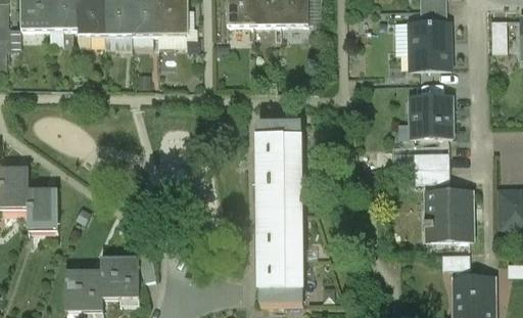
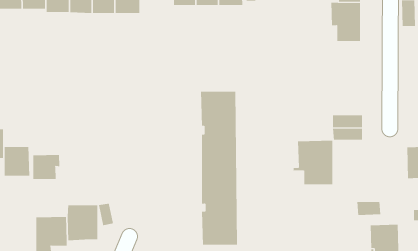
building: [411,92,449,135] -> none
building: [421,188,468,240] -> [293,140,333,185]
building: none -> [33,154,60,180]

